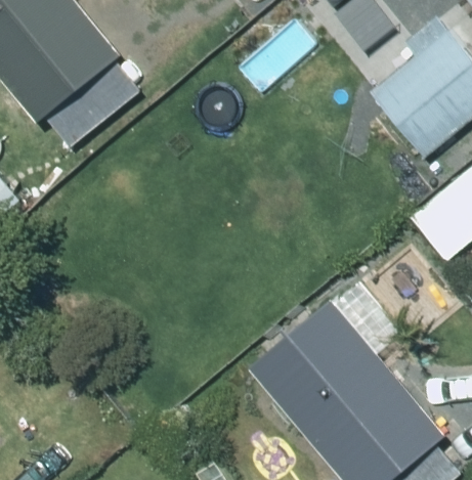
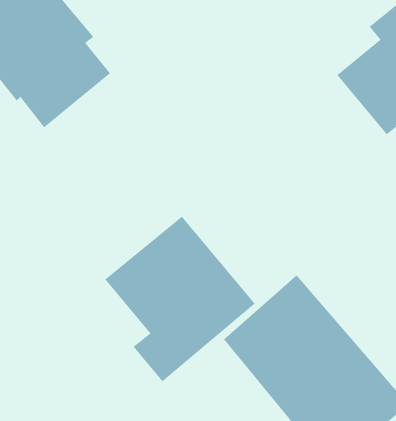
building: none -> [104,216,256,382]

